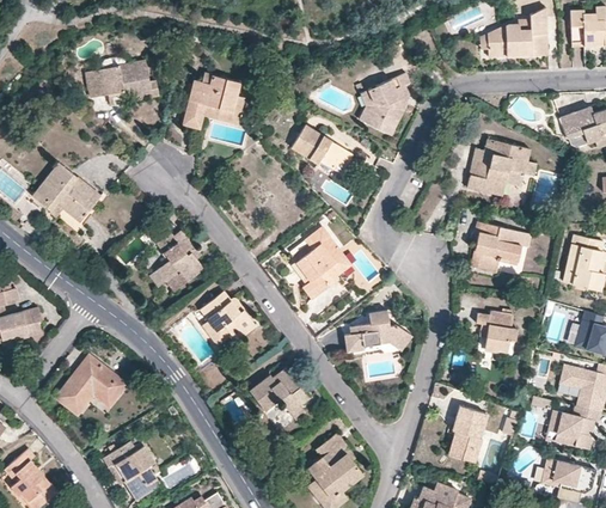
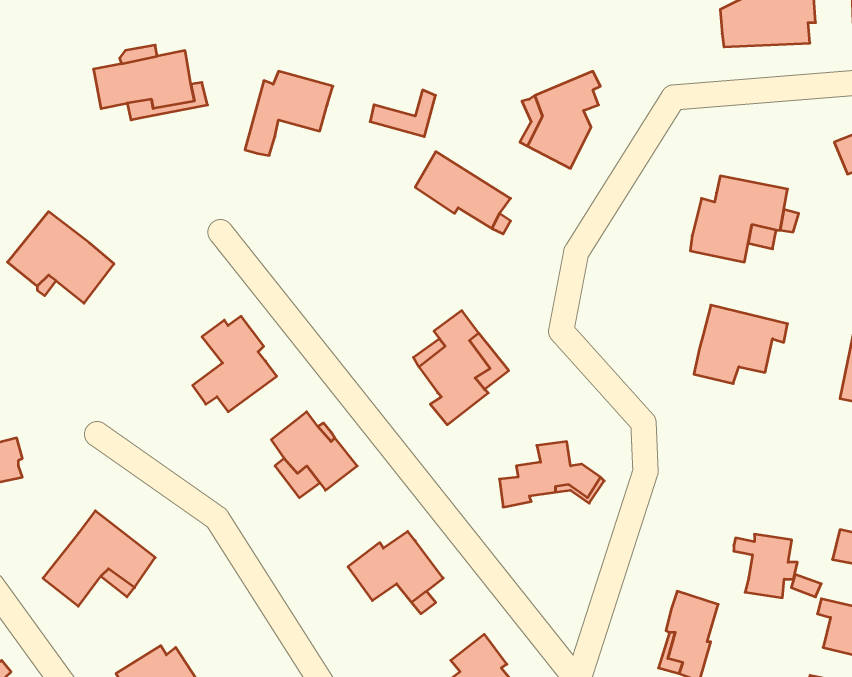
building: [203,94,245,124] -> [370,90,436,137]
building: [477,311,518,351] -> [734,534,797,598]

